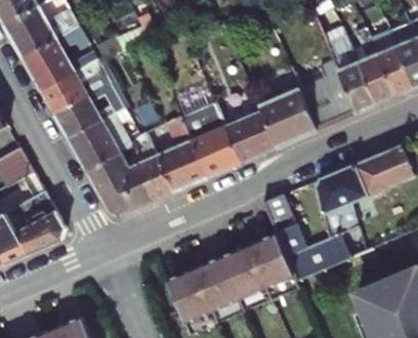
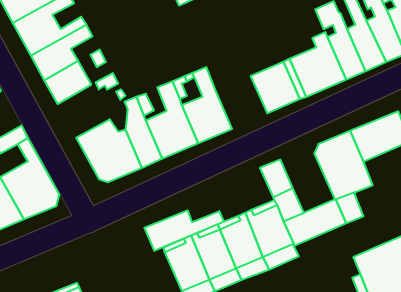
building: [222,109,274,161] -> none
building: [65,117,117,170] -> none
building: none -> [144,210,224,251]

